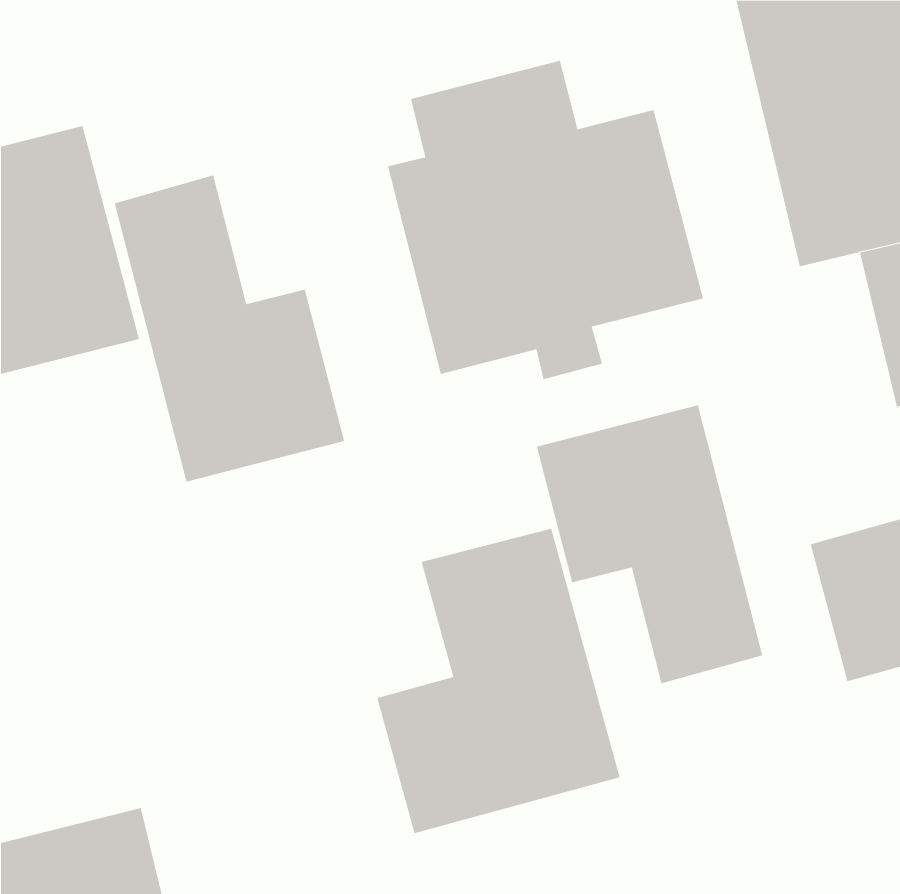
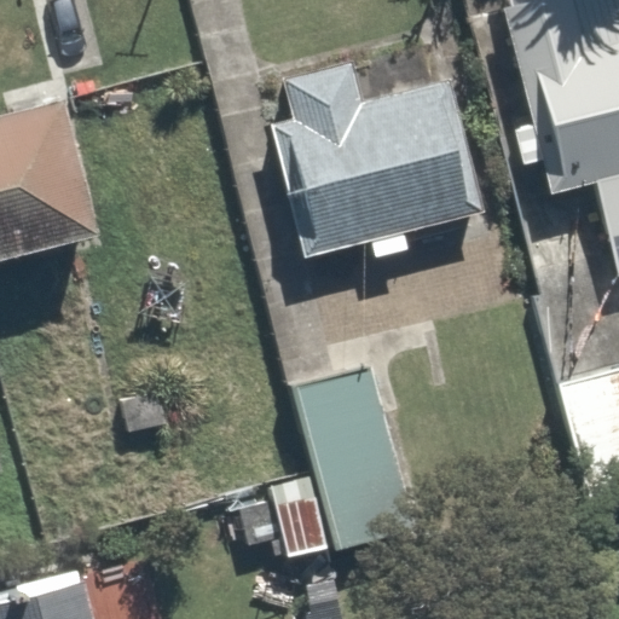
building: [114,175,345,482] -> none
building: [536,404,763,684] -> none

